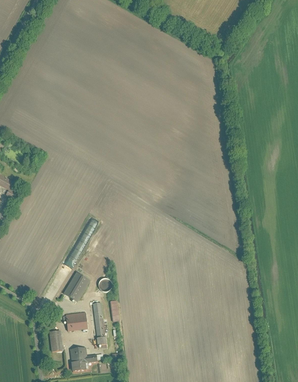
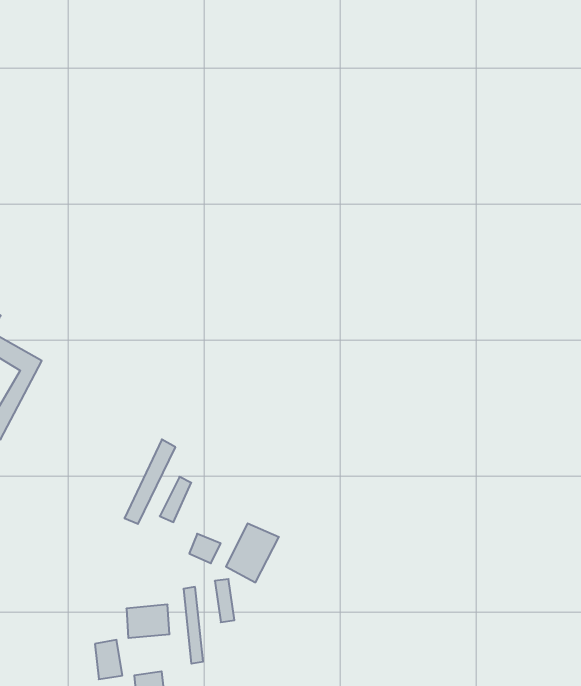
building: [63,272,90,302] -> [226,523,279,582]

